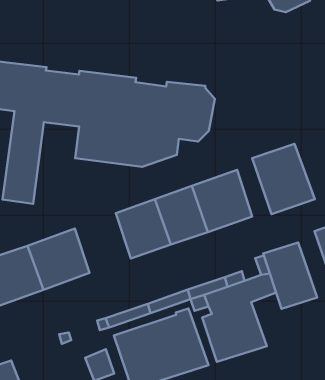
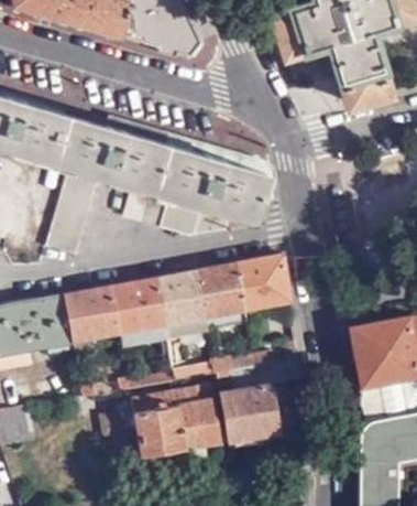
building: [252,144,315,214] -> none
building: none -> [111,278,162,333]
building: [263,242,317,309] -> none

